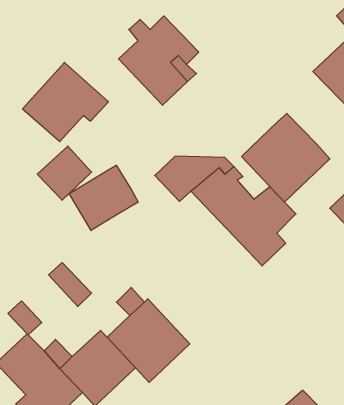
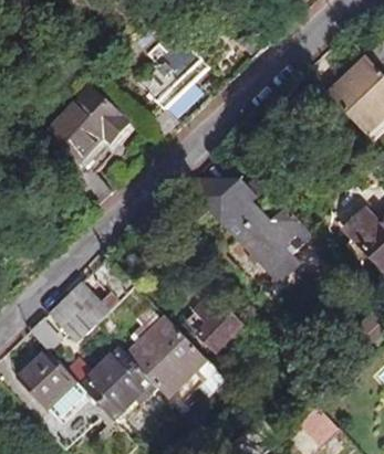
building: [242,113,330,202] -> none
building: [69,165,138,231] -> none
building: none -> [49,293,97,342]
building: none -> [196,305,245,353]

